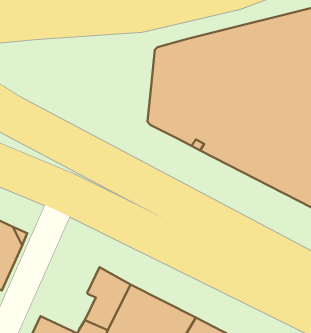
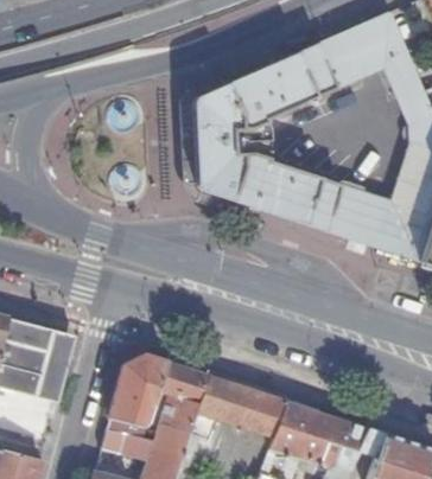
building: none -> [108,357,166,430]

